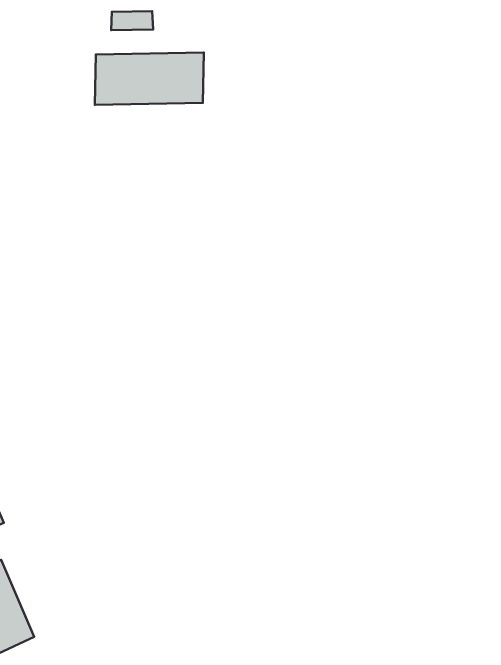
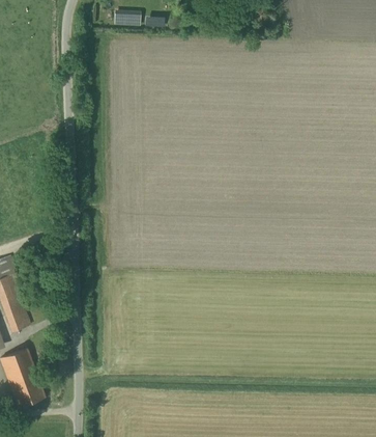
building: [95,53,204,105] -> none

